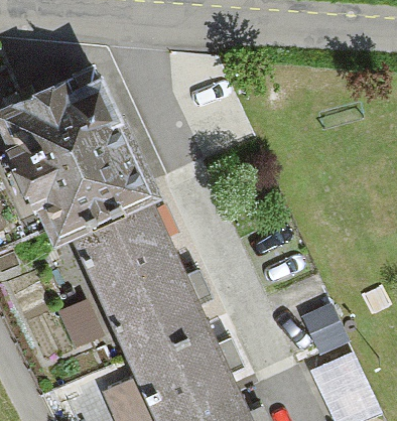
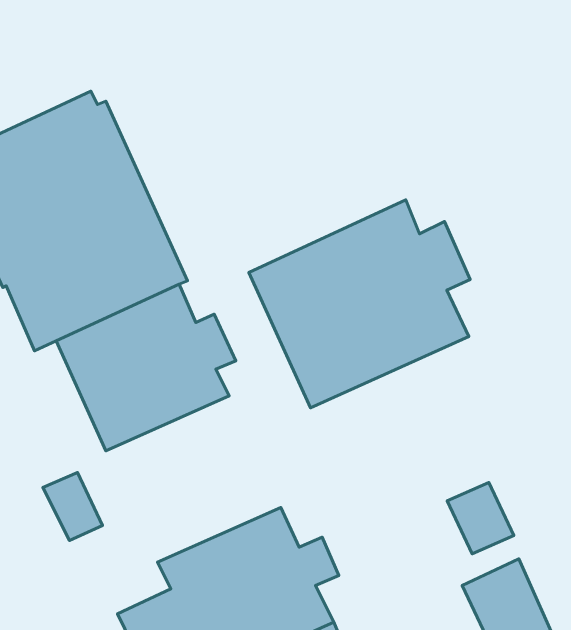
building: none -> [249,200,470,408]
building: [95,256,205,357] -> none

